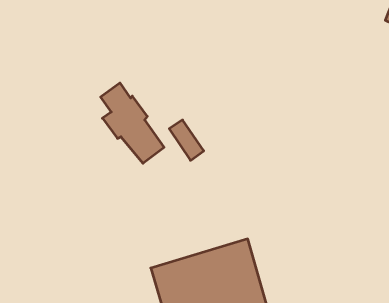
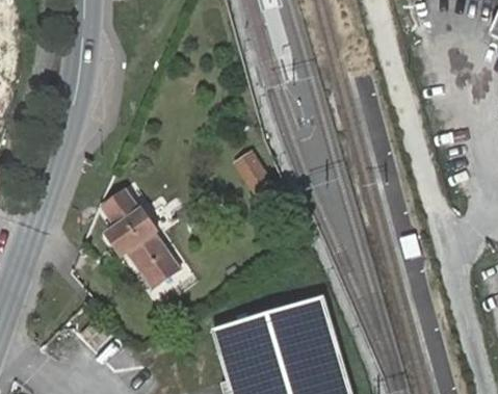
building: [101,83,164,163] -> [102,193,177,288]

